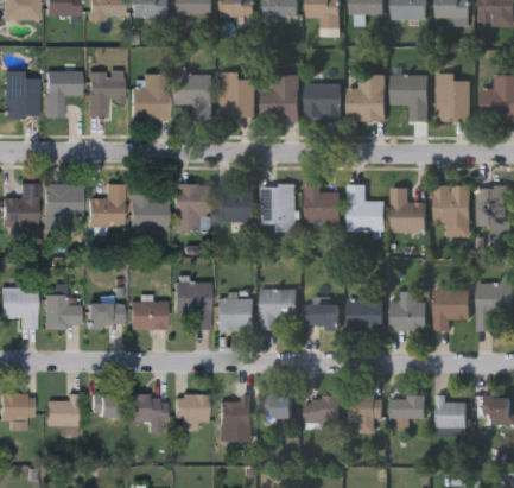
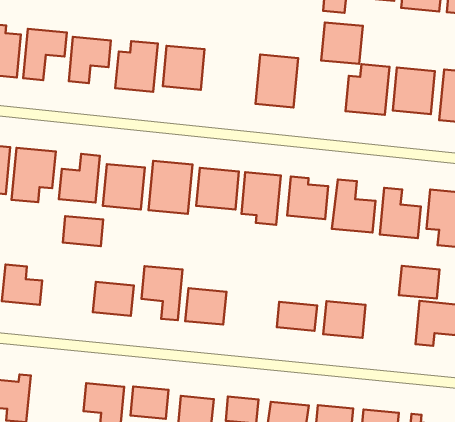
building: [220,72,254,116] -> none
building: [305,83,341,119] -> [321,22,363,64]
building: [260,287,296,329] -> none
building: [88,303,123,328] -> [63,216,103,246]
building: [391,303,426,330] -> [399,266,440,299]
building: [91,393,120,417] -> none

